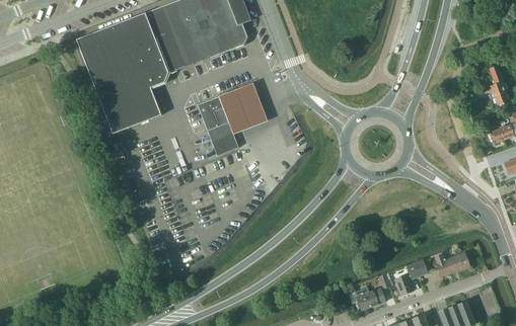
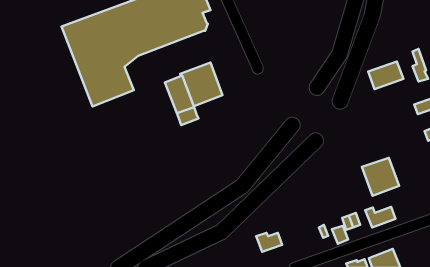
building: none -> [368,61,404,89]
building: none -> [362,158,399,196]
building: [355,287,385,309] -> [256,233,282,252]

